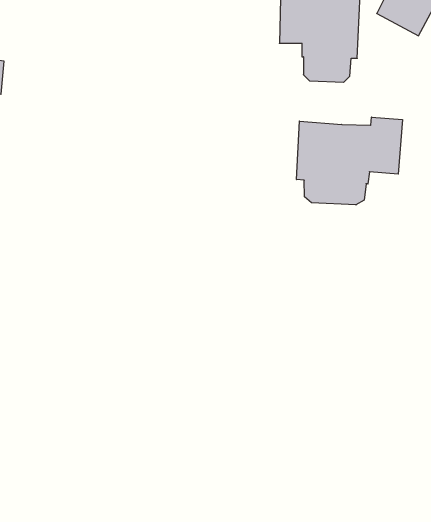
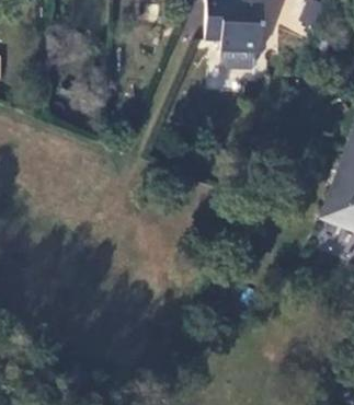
building: [297,117,402,205] -> none

